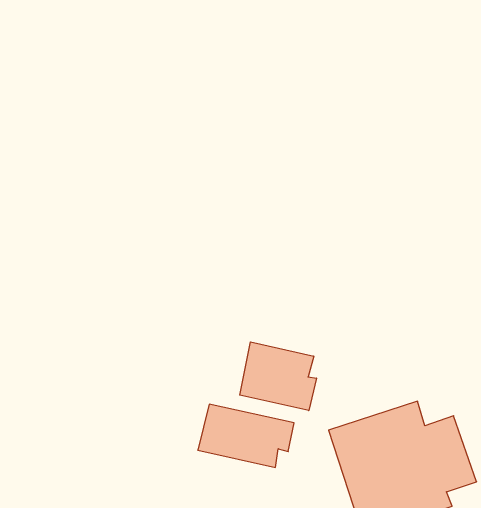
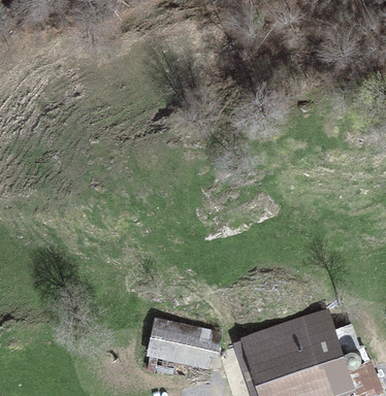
building: [240,342,316,411] -> none

